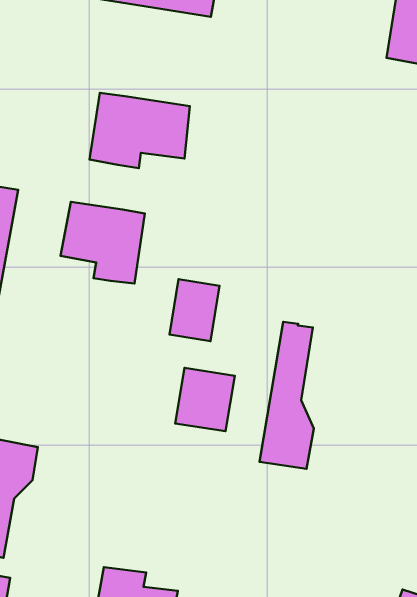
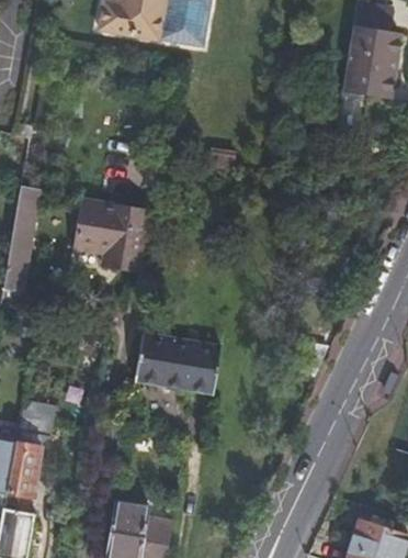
building: [89,93,190,168] -> none
building: [169,279,220,341] -> [137,333,179,384]
building: [260,322,314,469] -> none

